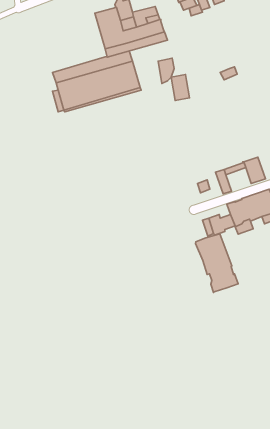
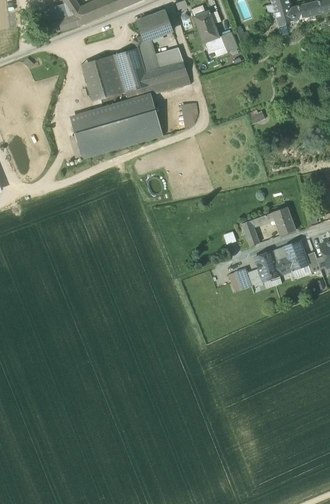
building: none -> [81,53,125,101]
building: [171,74,189,100] -> none
building: [196,234,238,292] -> none

